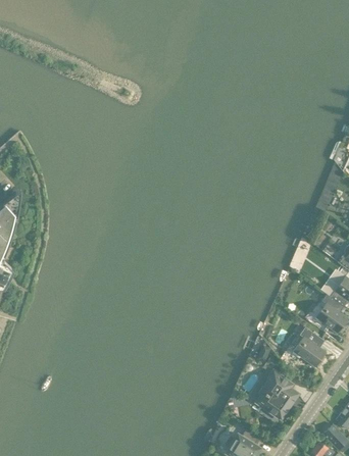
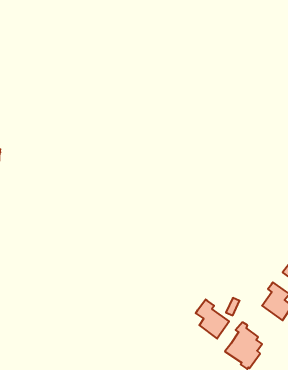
building: none -> [196,299,229,339]

